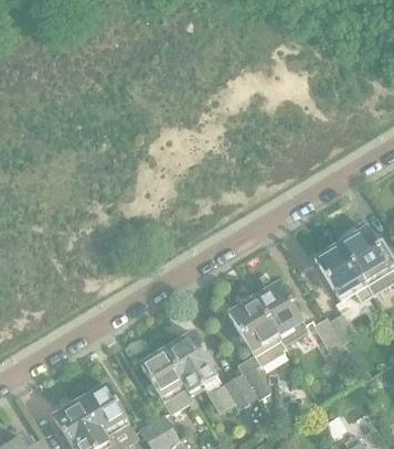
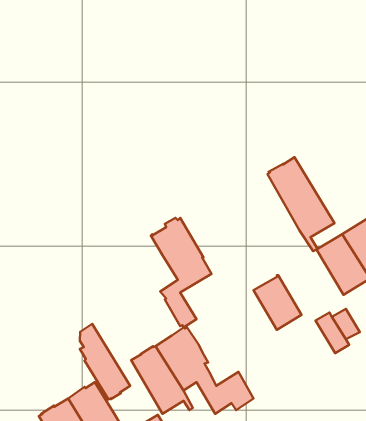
building: none -> [267,157,335,251]
building: [228,295,286,398] -> [151,218,212,327]
building: none -> [80,324,130,400]

